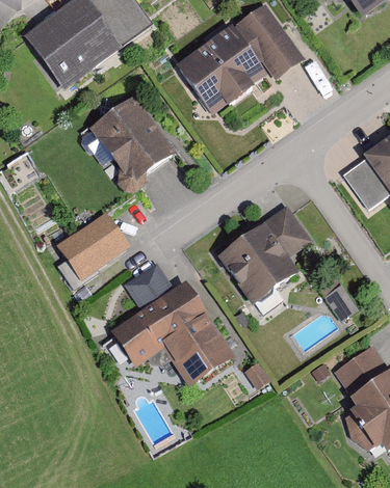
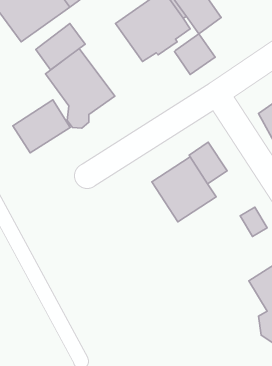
building: none -> [36,24,85,70]
building: none -> [175,34,215,74]
building: [58,212,127,275] -> [13,100,70,153]
building: [110,267,239,392] -> none

